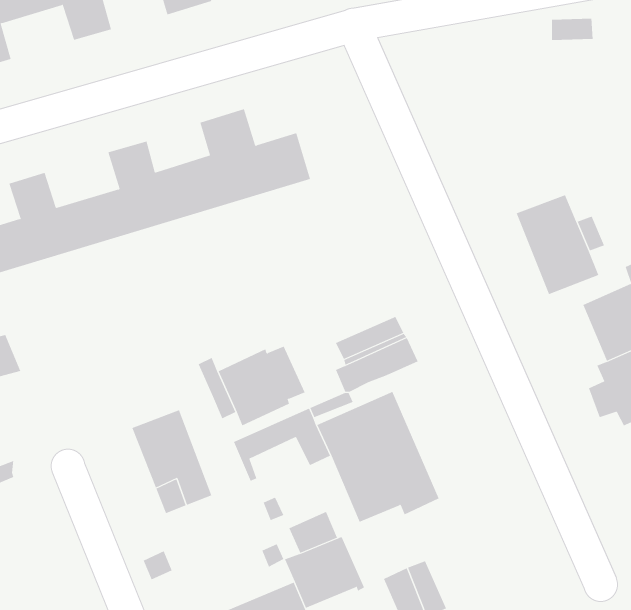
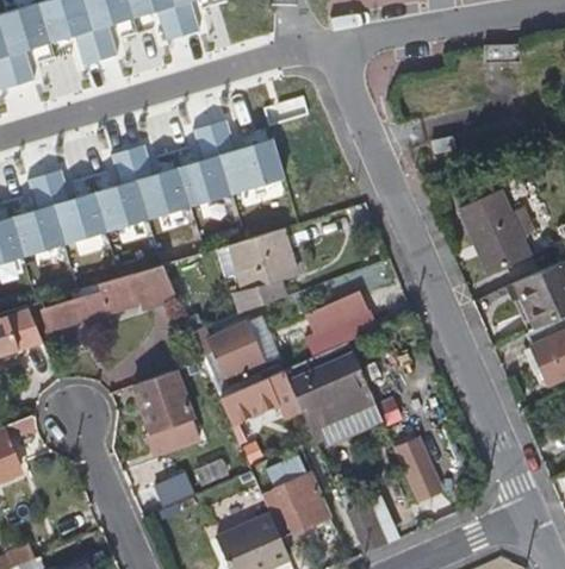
building: none -> [229,226,293,312]
building: none -> [39,263,175,330]
building: none -> [396,439,440,501]

